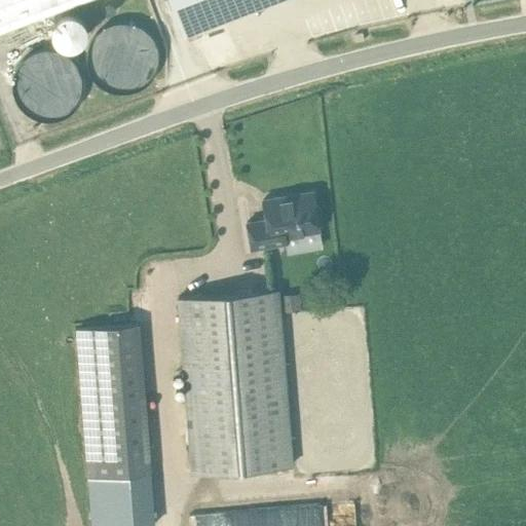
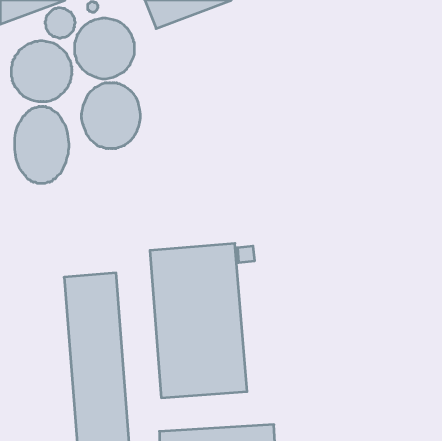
building: none -> [82,83,140,149]
building: none -> [15,106,69,183]
building: [248,192,321,251] -> none

